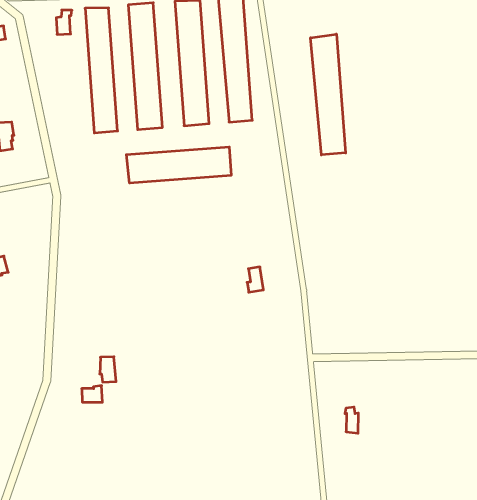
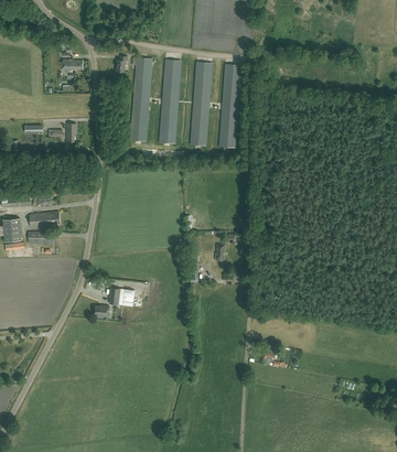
building: [311,34,346,155] -> none
building: [126,147,231,183] -> none

